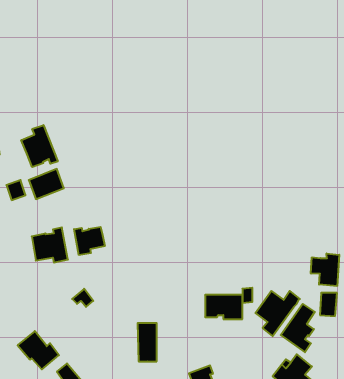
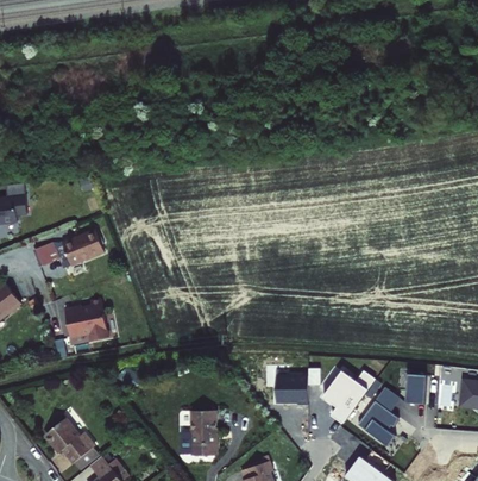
building: [21,125,58,167] -> none
building: [74,227,105,255] -> none
building: [311,253,339,286] -> none

